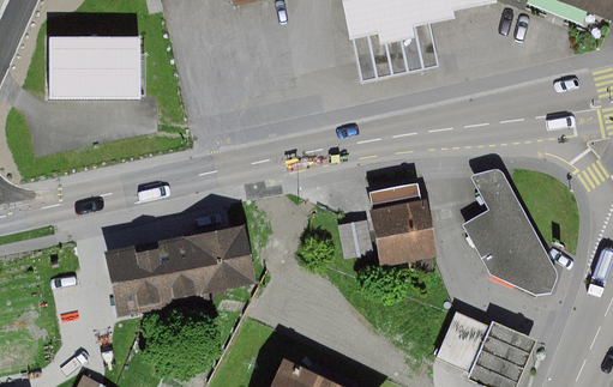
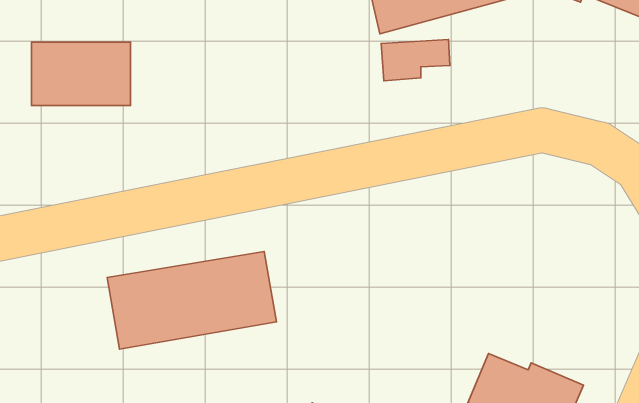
building: [457,171,551,298] -> none
building: [331,182,431,266] -> none

